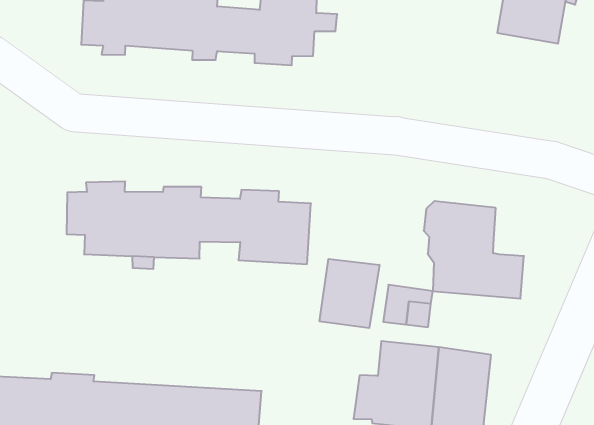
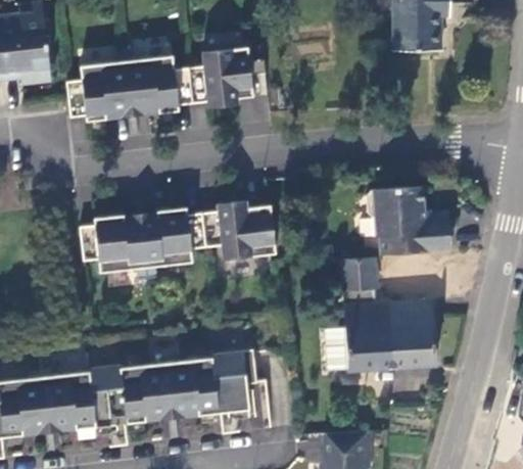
building: [320,259,379,328] -> none

